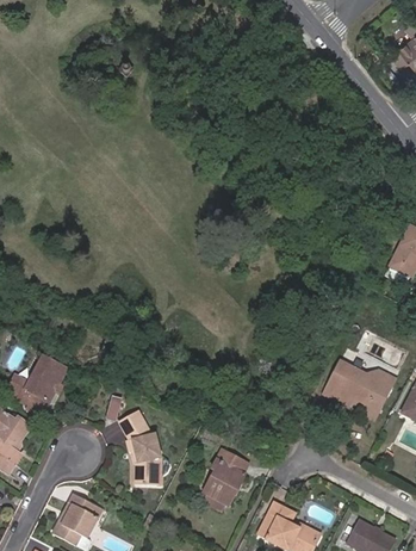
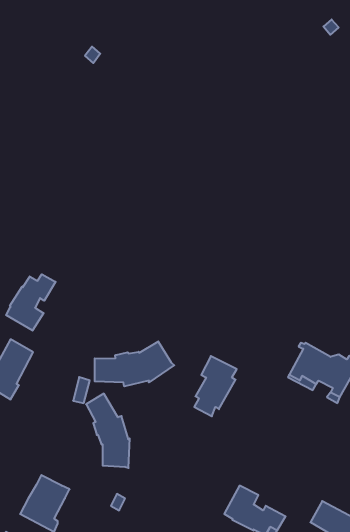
building: none -> [6,274,56,331]
building: none -> [95,341,174,386]
building: [204,450,247,510] -> [194,356,237,416]

